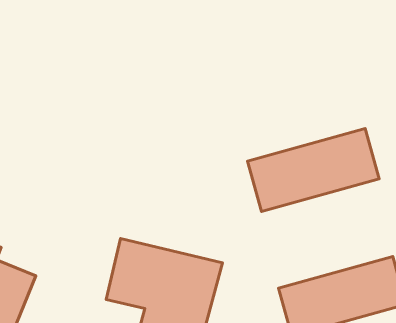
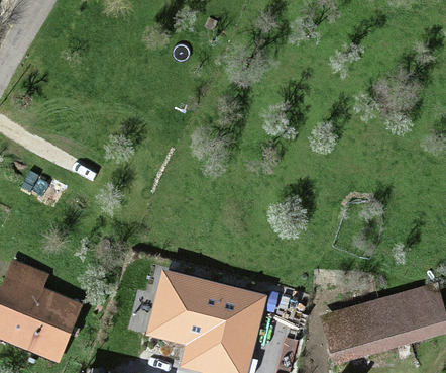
building: [247,128,379,212] -> none

